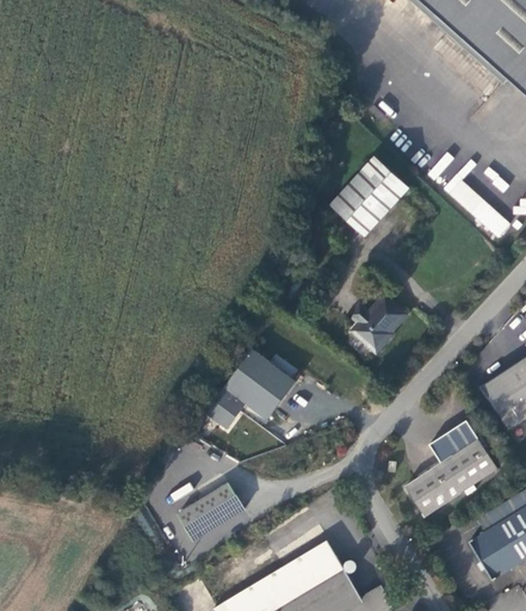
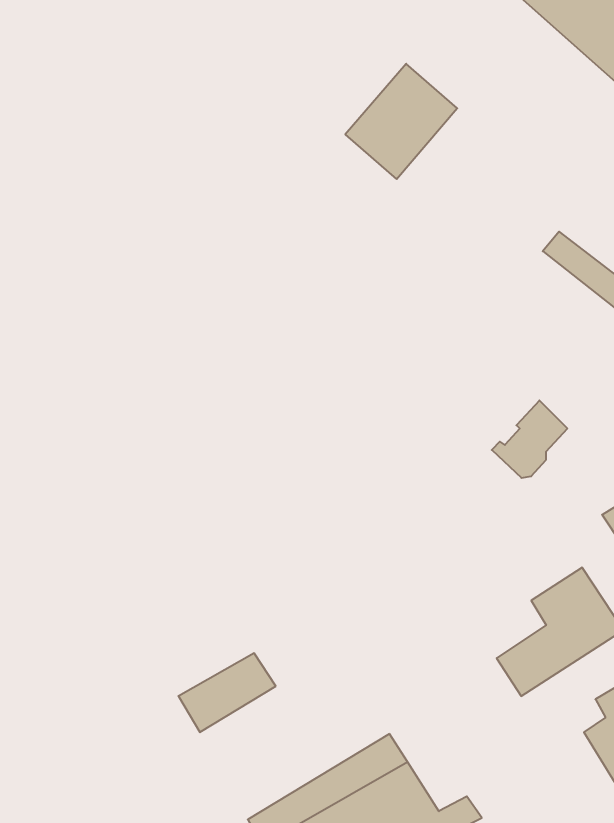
building: [327,155,408,239] -> [345,64,457,179]
building: [349,296,404,352] -> [492,400,567,478]
building: [204,350,295,431] -> none

